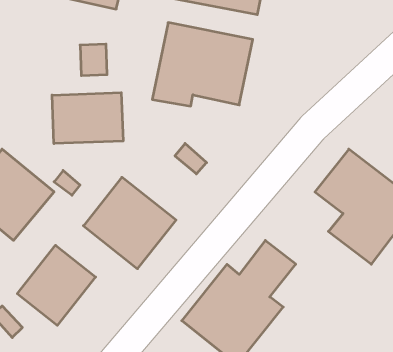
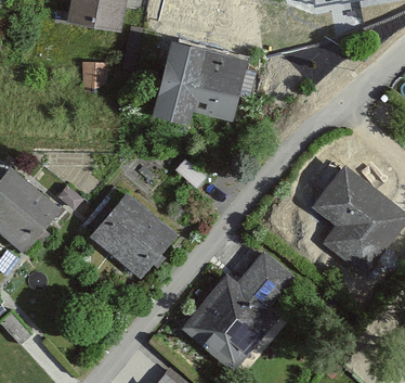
building: [52,93,123,144] -> none
building: [17,245,96,325] -> none

